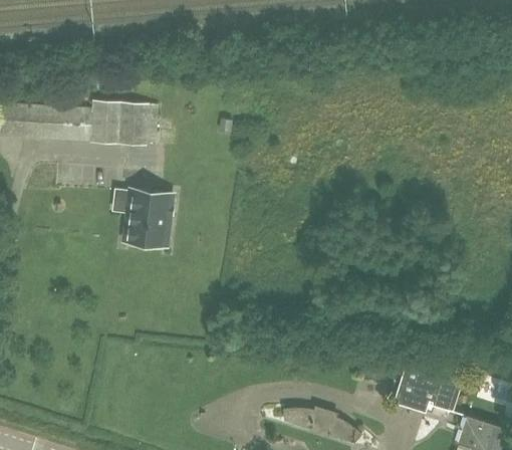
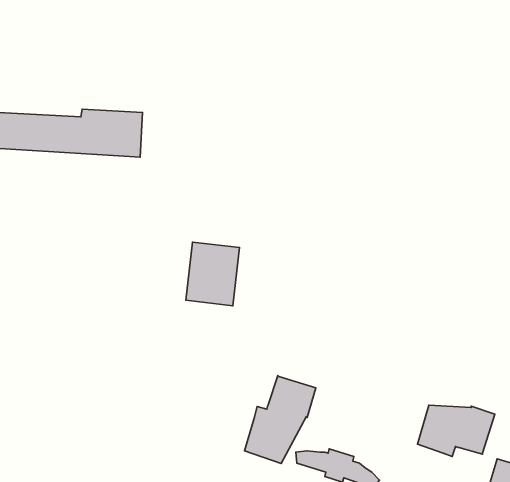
building: [124,191,173,248] -> [186,242,240,306]
building: none -> [245,376,316,464]

